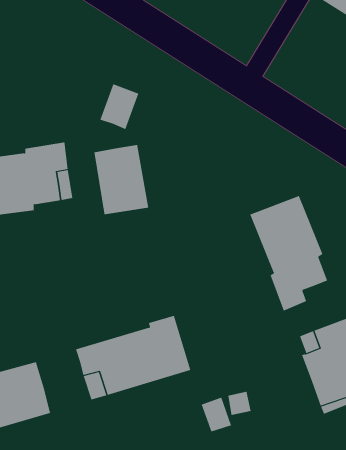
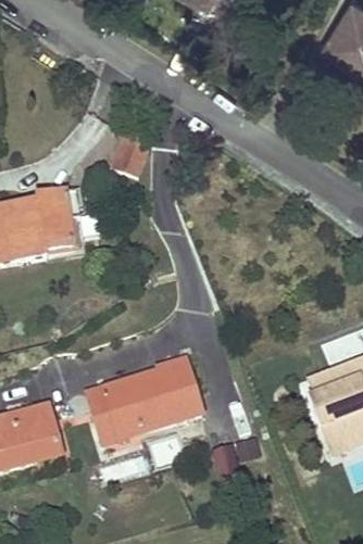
building: [94,144,149,215] -> none
building: [250,195,328,311] -> none

